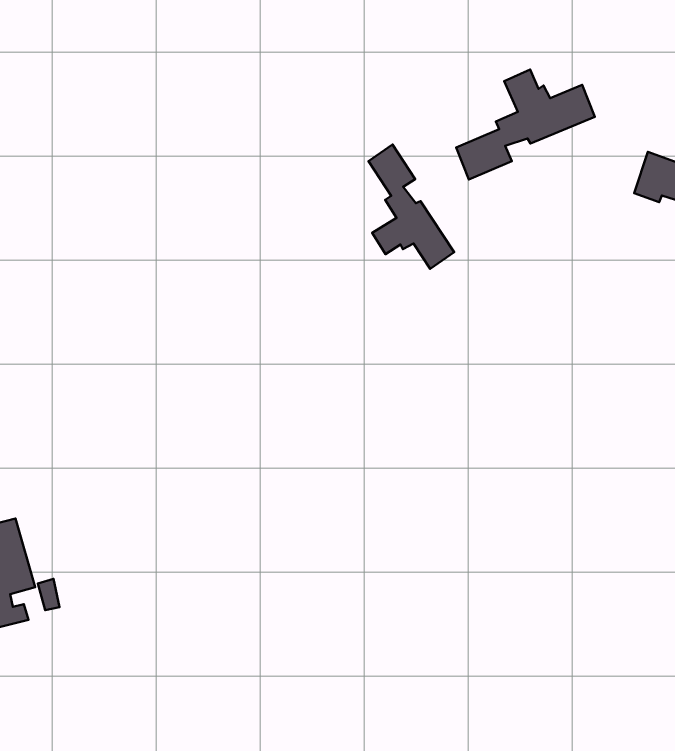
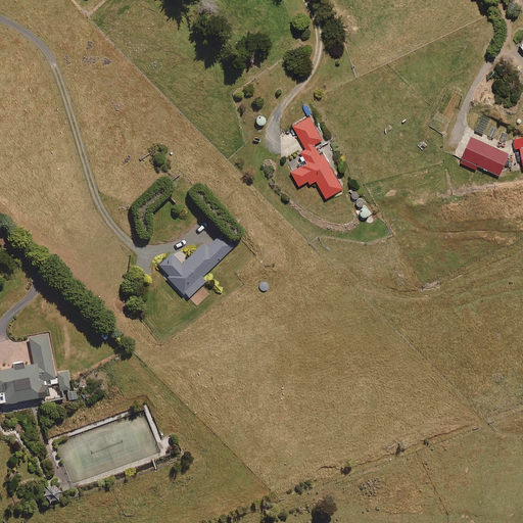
building: [456,70,595,179] -> none
building: none -> [156,234,232,298]

